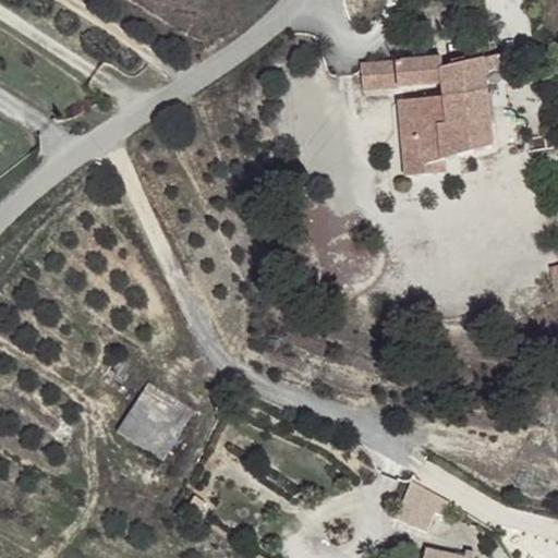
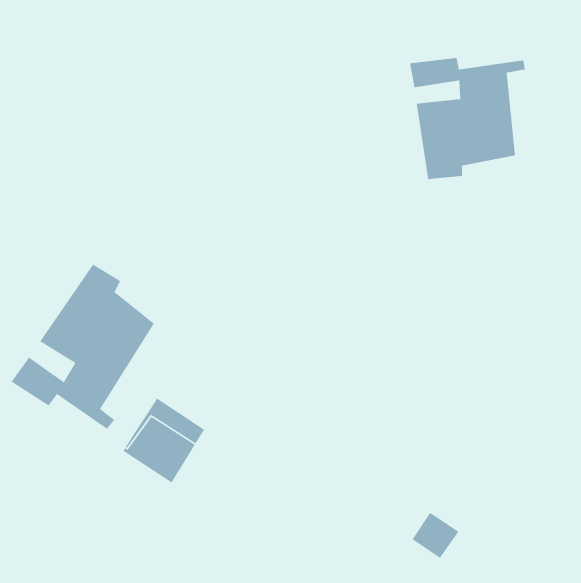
building: [353,60,393,90] -> none
building: none -> [11,263,155,430]

